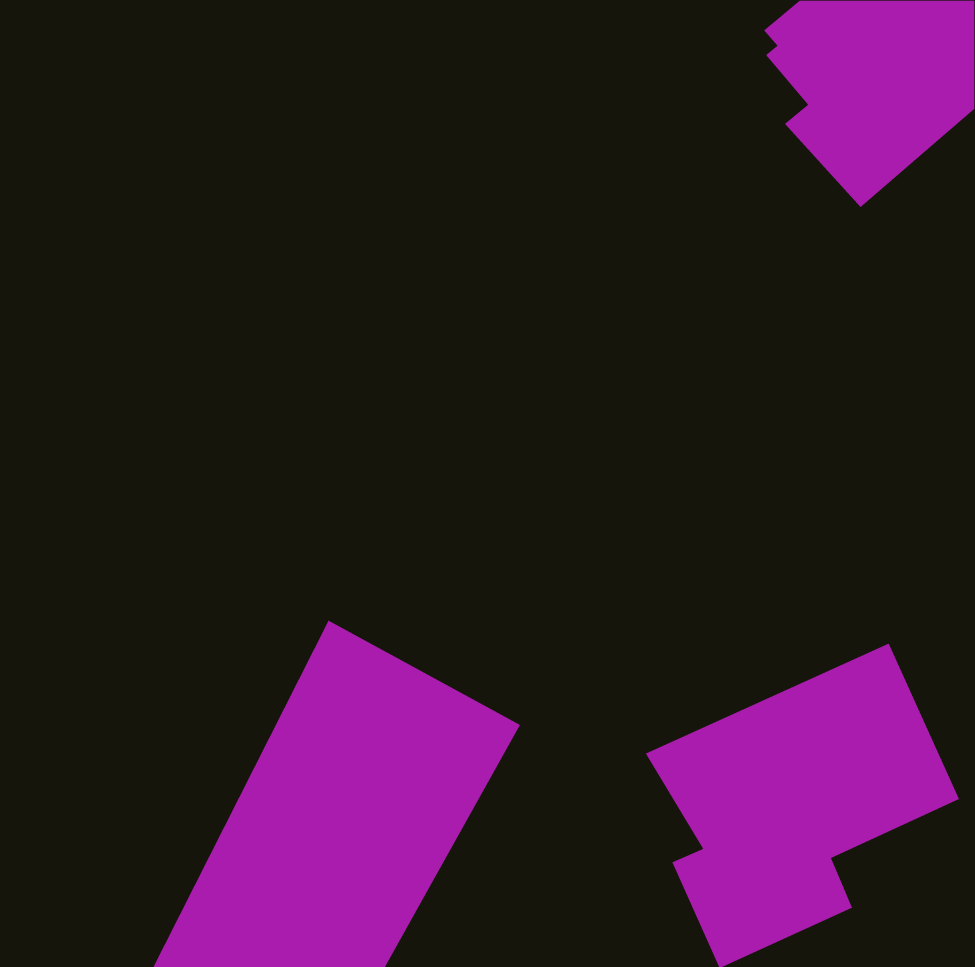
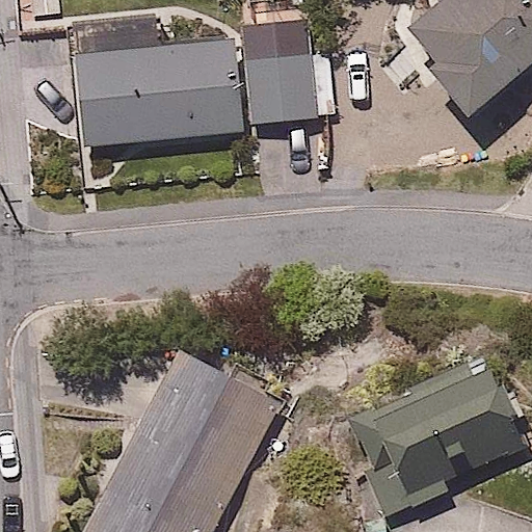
building: none -> [79,38,246,149]
building: none -> [246,51,341,126]

